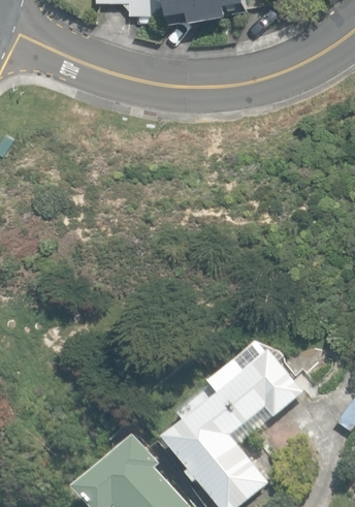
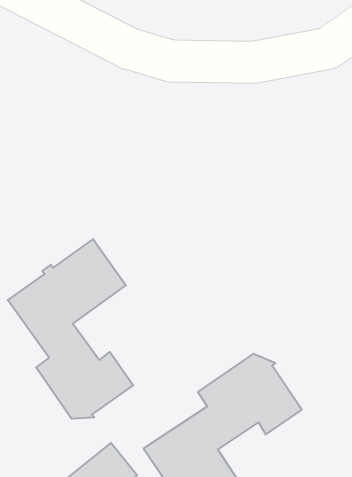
building: none -> [8,239,133,419]

